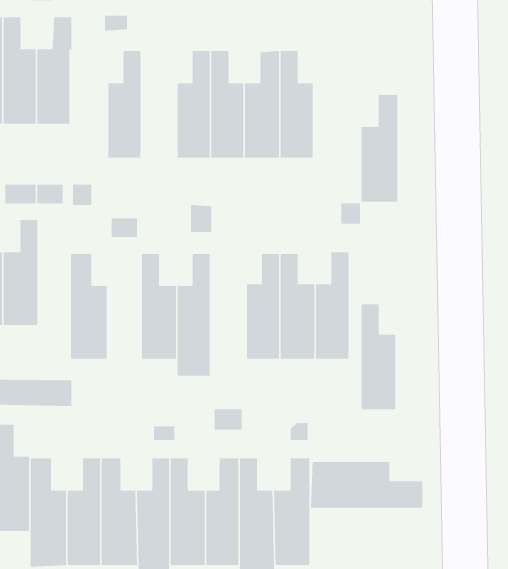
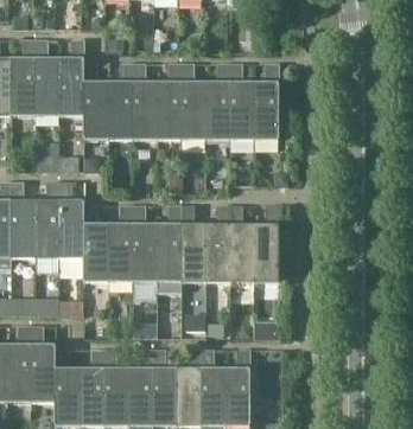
building: none -> [83,63,109,139]
building: none -> [133,63,158,139]
building: [361,94,398,202] -> [254,63,280,139]
building: none -> [61,181,83,256]
building: none -> [109,205,133,280]
building: [361,304,396,410] -> [182,205,206,280]
building: [310,461,423,509] -> none

